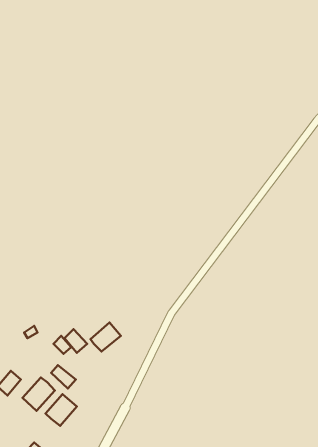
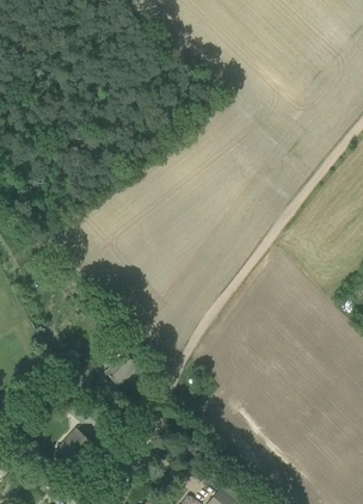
building: [23,377,55,411] -> none

